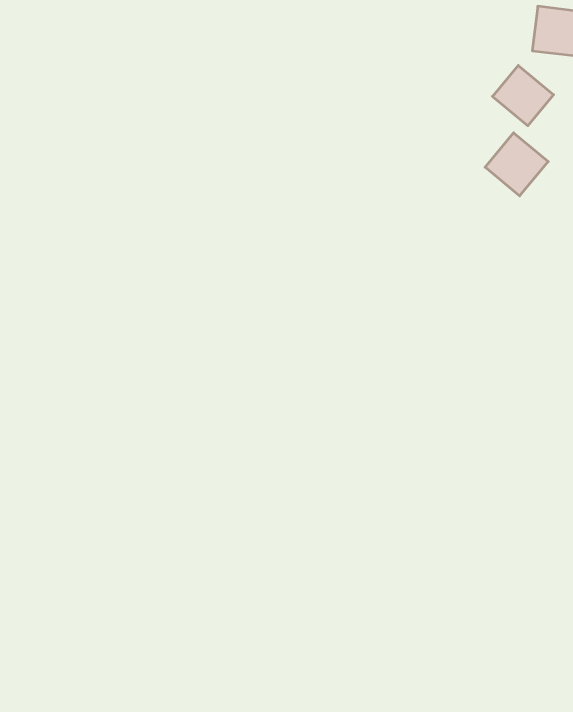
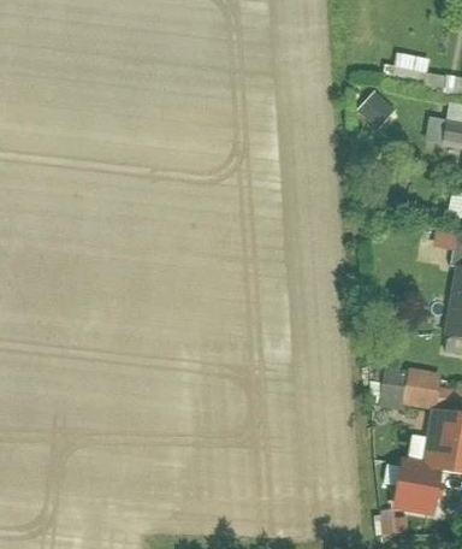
building: [485,133,548,196] -> none

